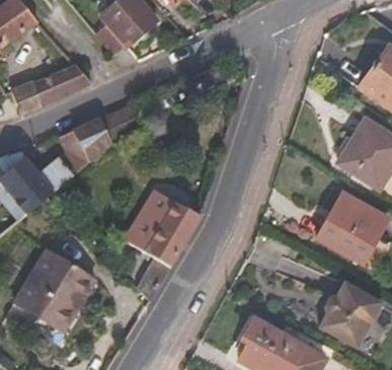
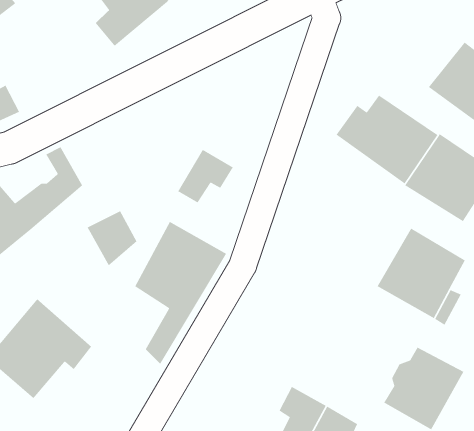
building: [29,62,90,104] -> none
building: none -> [335,95,438,185]
building: [72,118,111,161] -> [86,210,137,266]
building: none -> [177,149,234,204]

